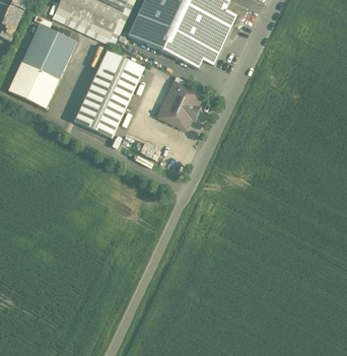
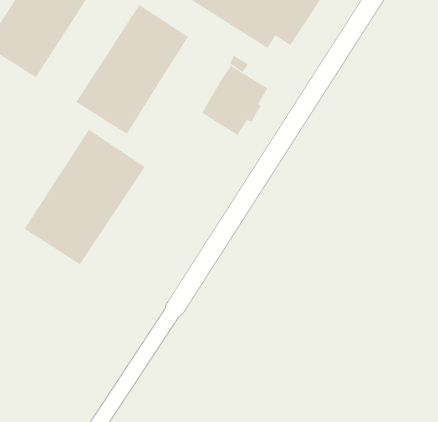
building: none -> [24,129,146,265]

